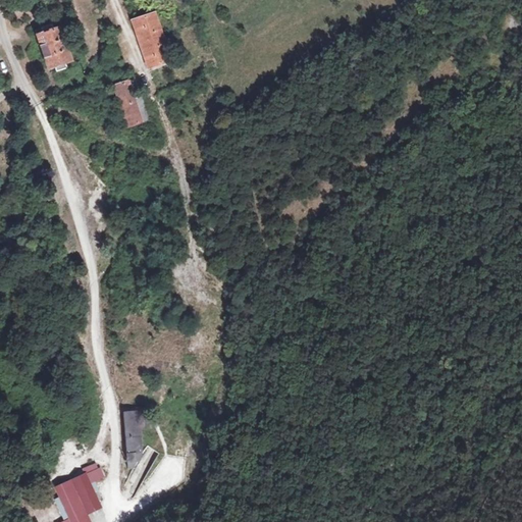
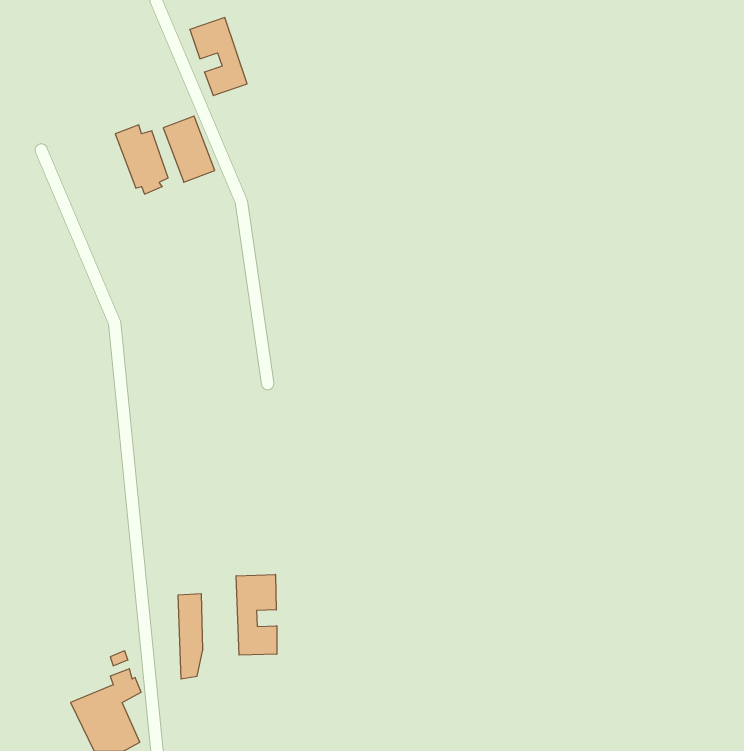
building: [34,22,70,70] -> [115,125,168,194]
building: none -> [236,574,277,655]

